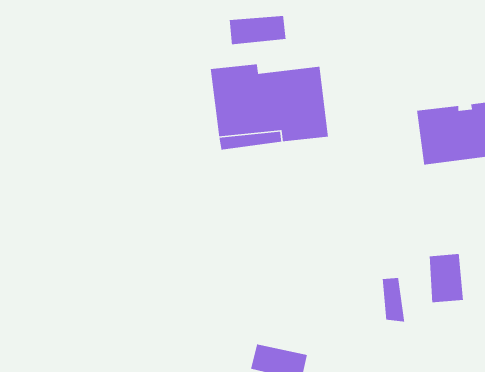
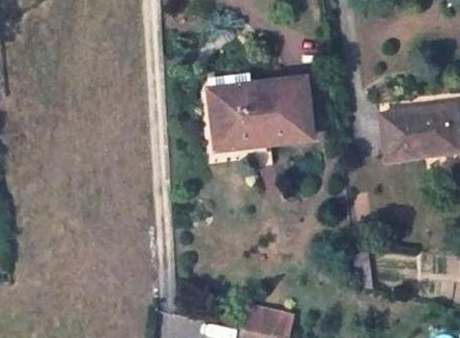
building: [229,15,286,45] -> none
building: [429,253,464,303] -> none

